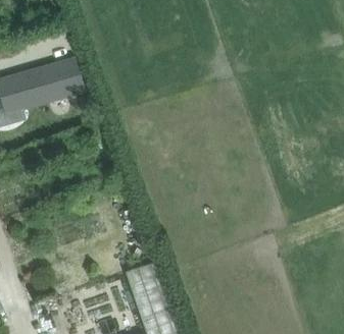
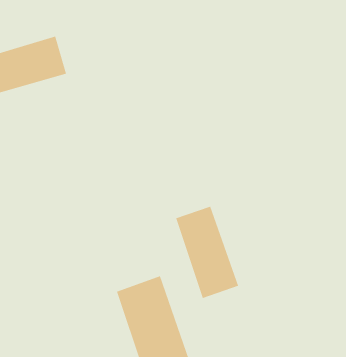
building: none -> [175,206,239,299]

